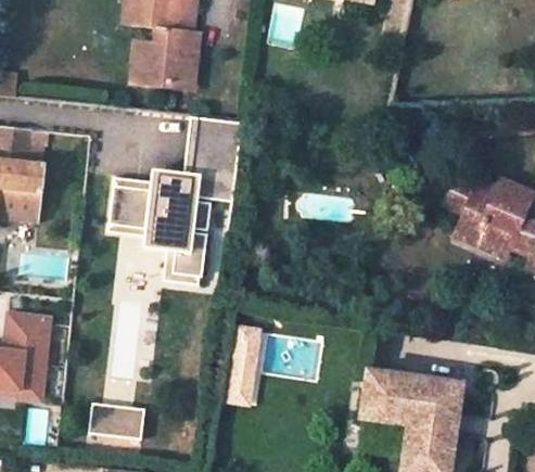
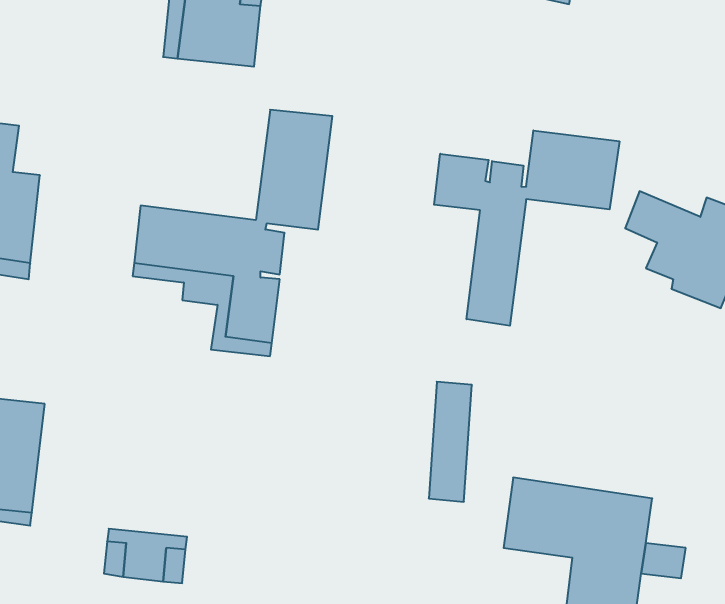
building: [114,117,202,194] -> none
building: none -> [434,130,619,326]
building: [233,320,263,401] -> [429,382,472,502]

